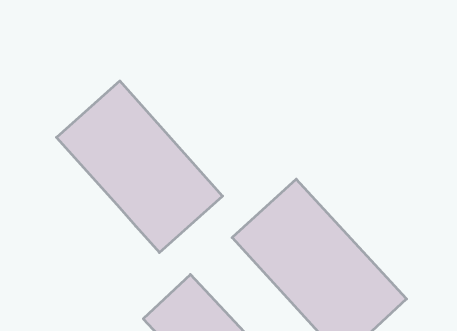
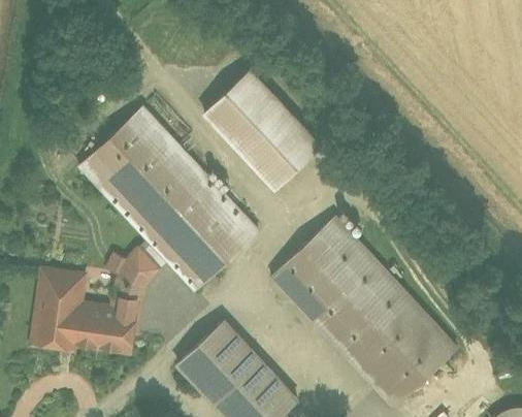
building: none -> [199,69,323,195]
building: none -> [30,239,165,356]

